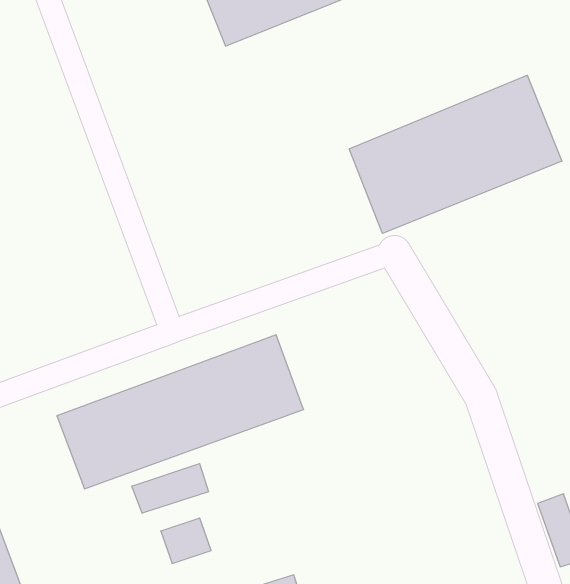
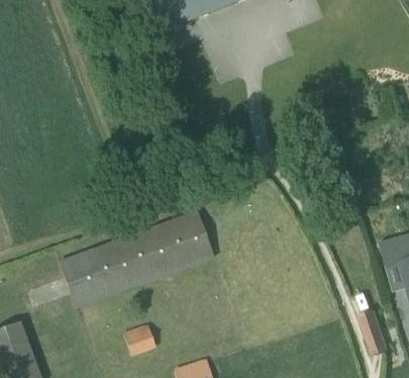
building: [349,75,562,233] -> none
building: [132,464,208,513] -> none

